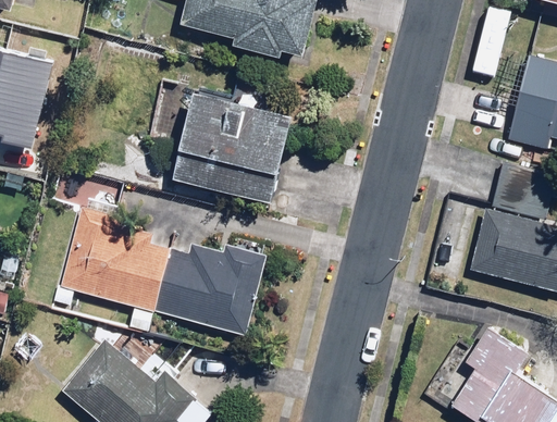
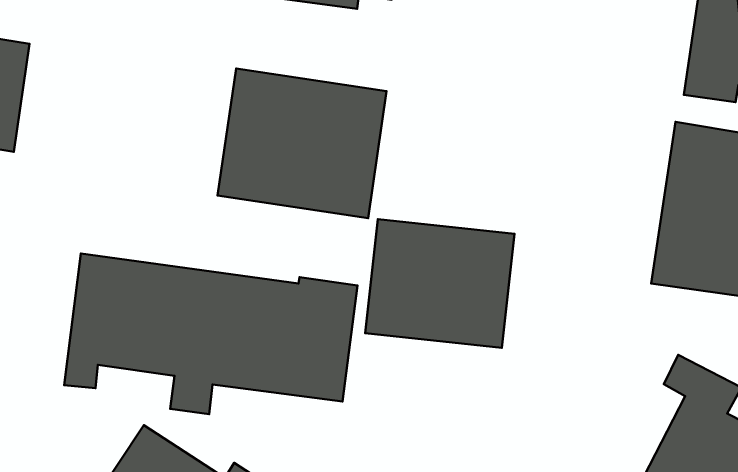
building: none -> [365,219,514,348]

